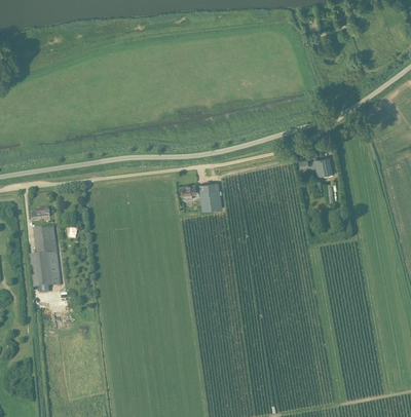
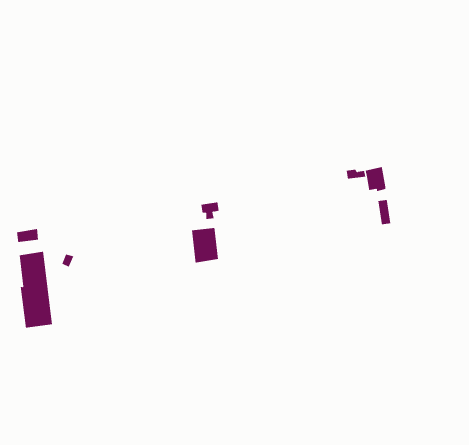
building: [199,182,222,211] -> [191,228,219,263]

